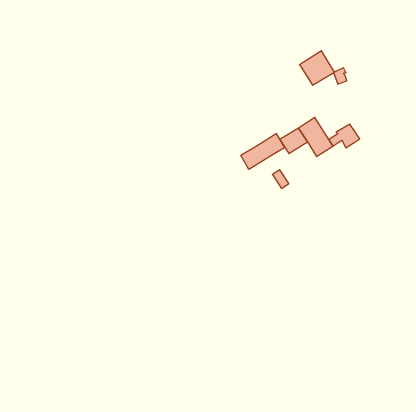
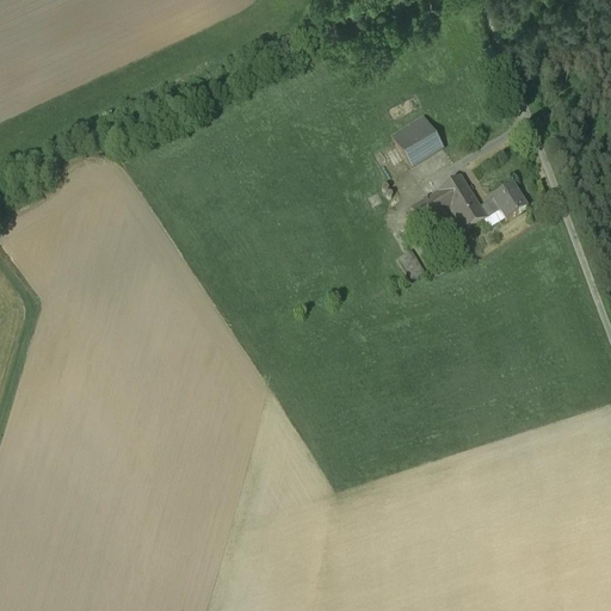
building: [300,51,335,85] -> [393,113,444,163]
building: [241,134,285,169] -> none

